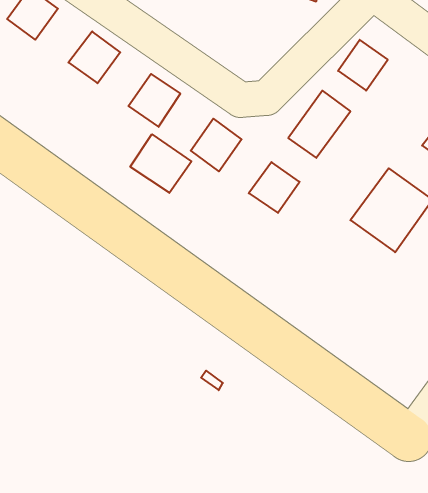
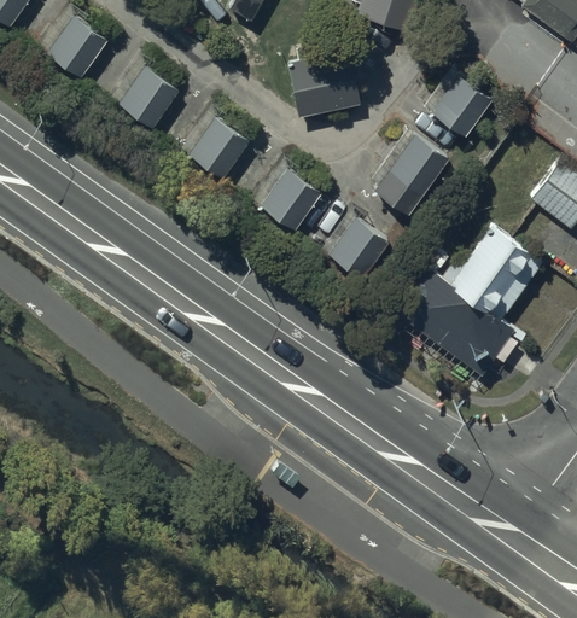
building: none -> [287,49,361,117]
building: [130,134,191,193] -> none
building: none -> [389,269,512,383]

